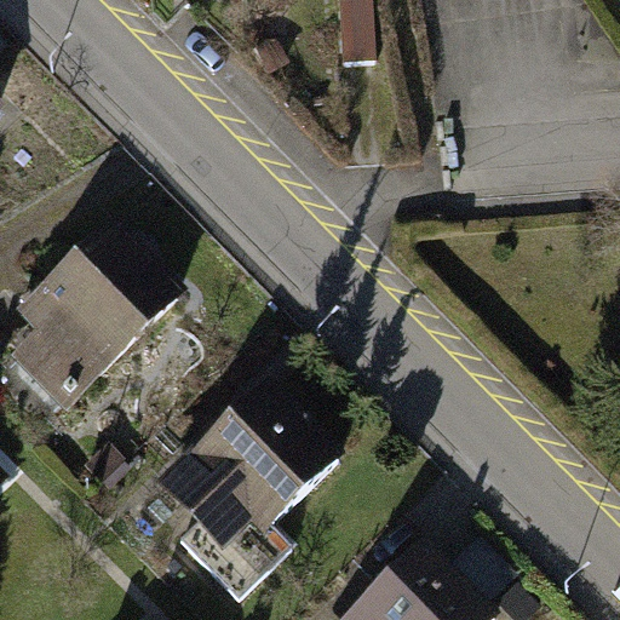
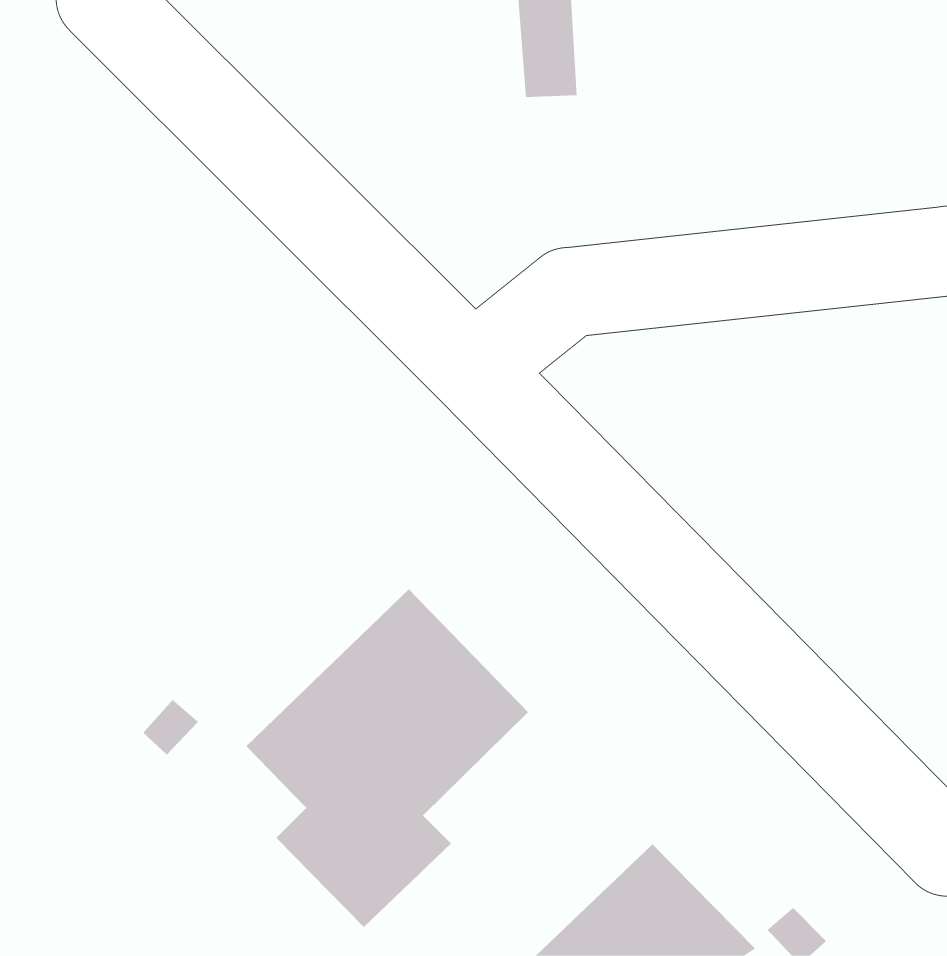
building: [7,223,177,409] -> none

